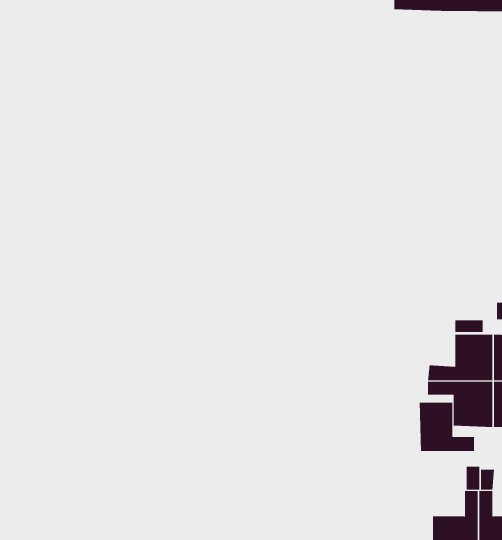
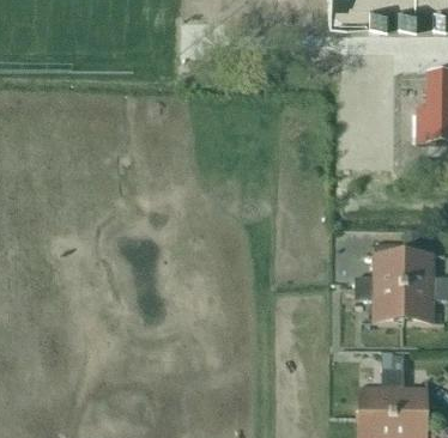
building: [419,402,475,452] -> none

